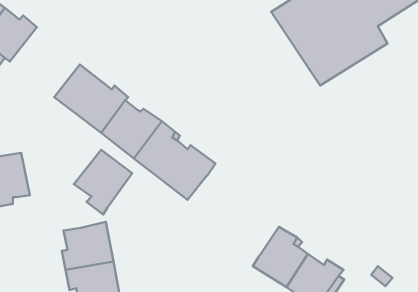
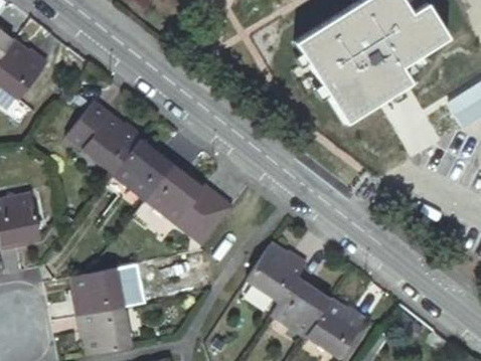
building: [74,150,132,215] -> none
building: none -> [247,245,307,304]

